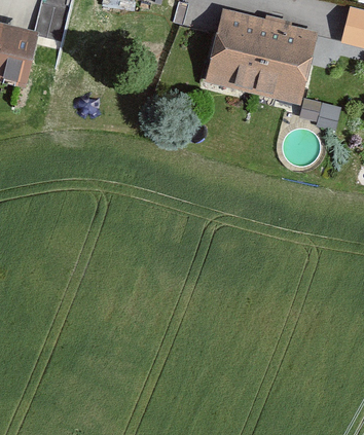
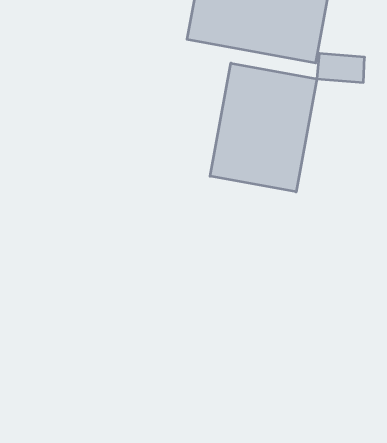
building: none -> [210,63,317,192]

